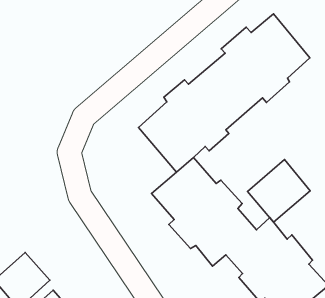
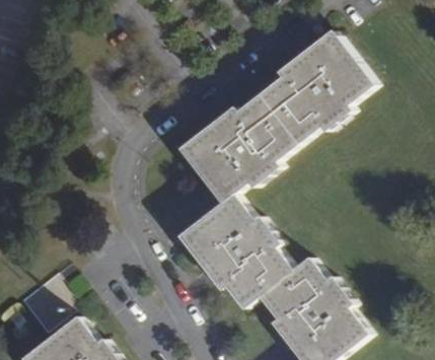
building: [248,159,310,222] -> none

